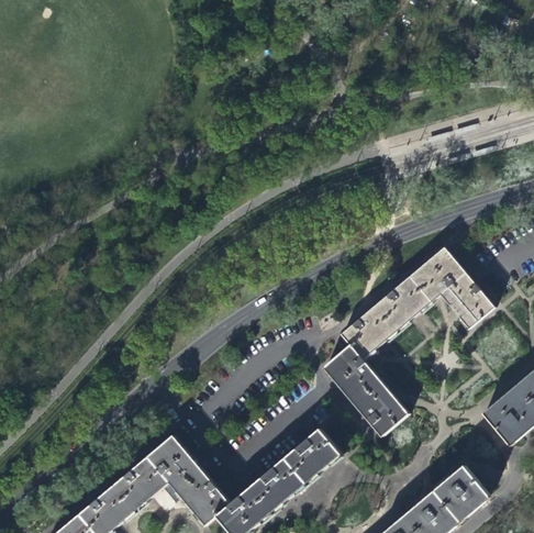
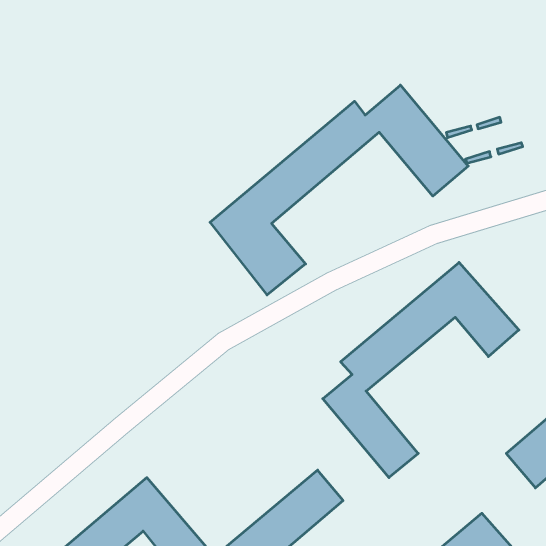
building: none -> [210,85,468,295]

